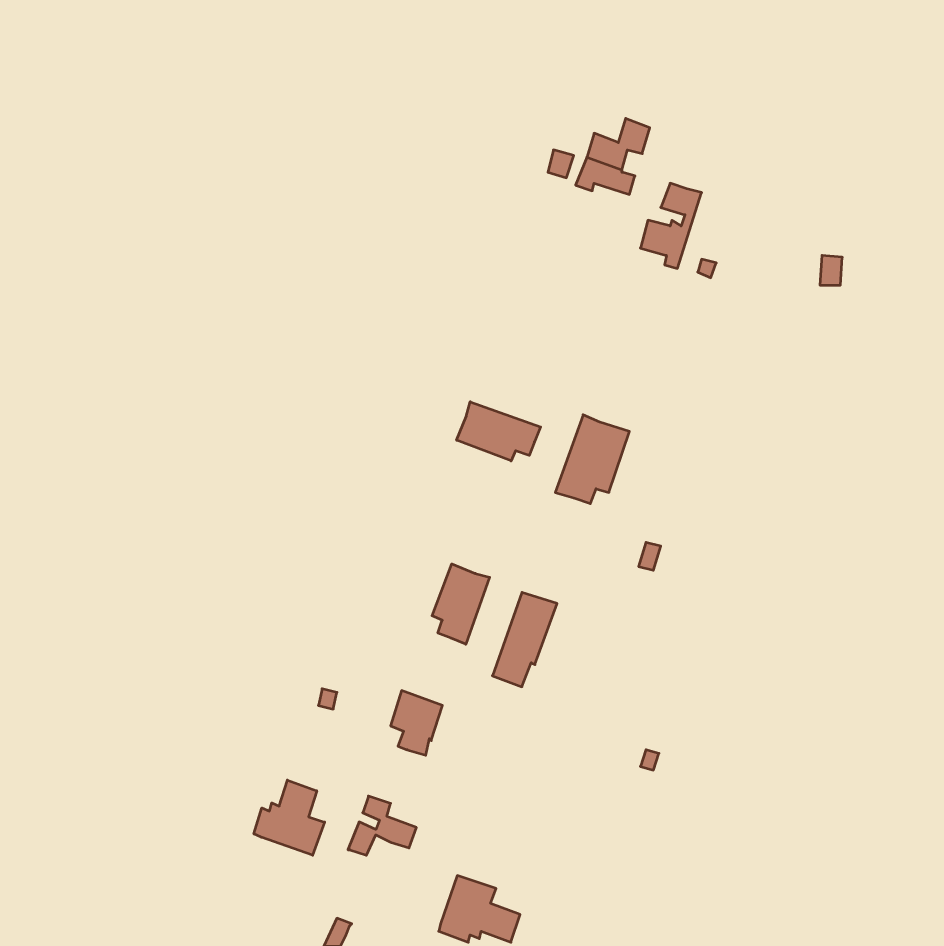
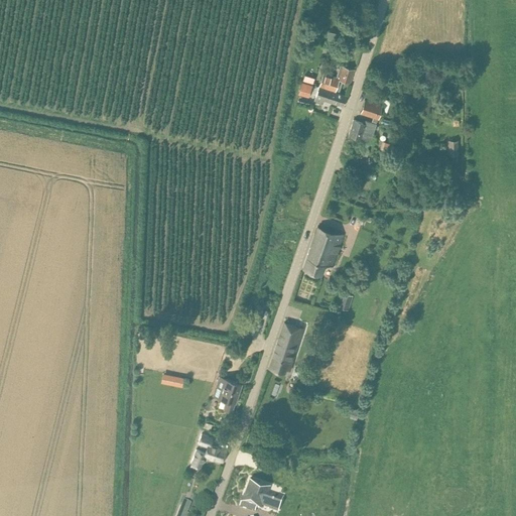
building: [457,402,541,461] -> none
building: [432,564,490,644] -> none
building: [254,780,325,855] -> none

